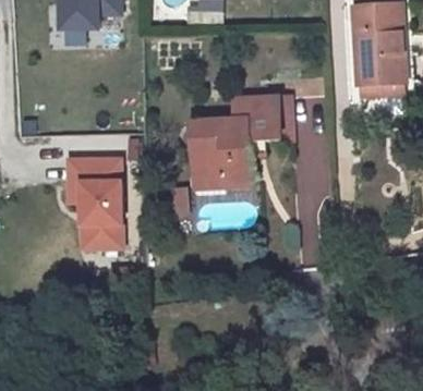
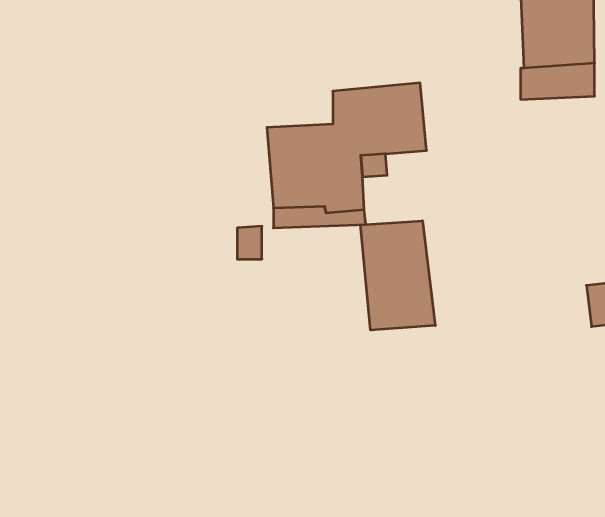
building: [68,157,121,246] -> none
building: none -> [361,221,435,330]

